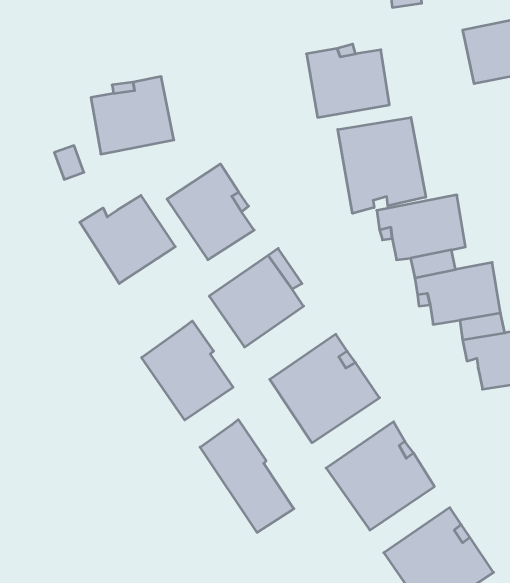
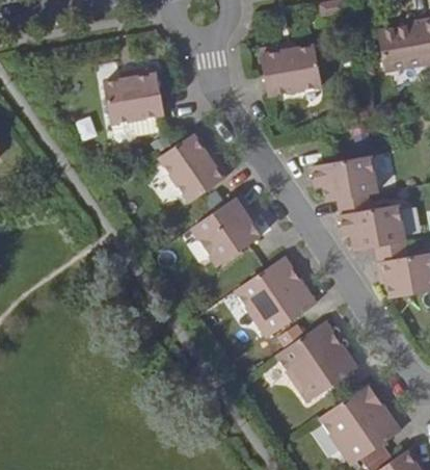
building: [338,117,426,213] -> none
building: [80,195,175,284] -> none
building: [142,321,233,420] -> none
building: [200,420,294,532] -> none

